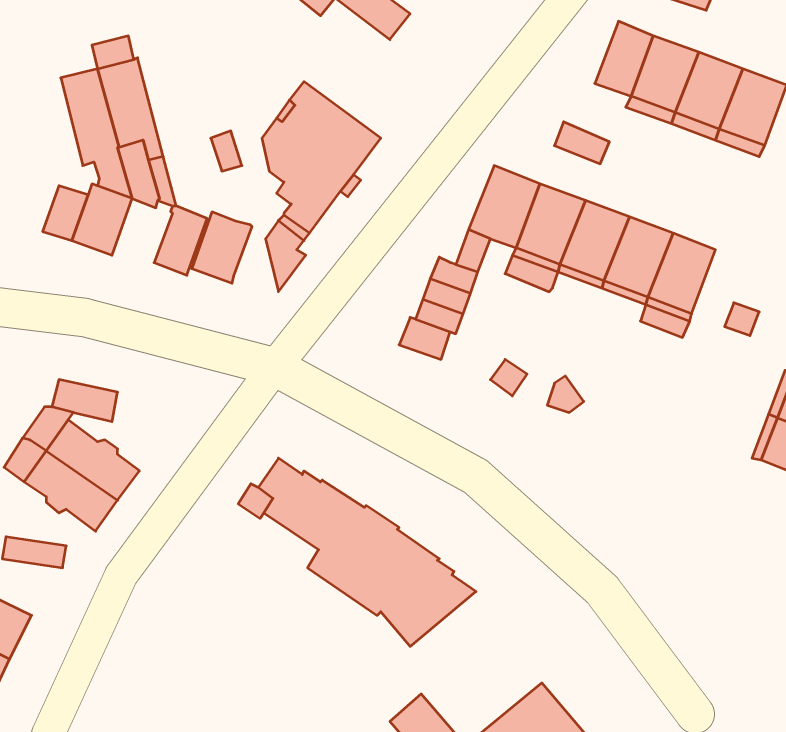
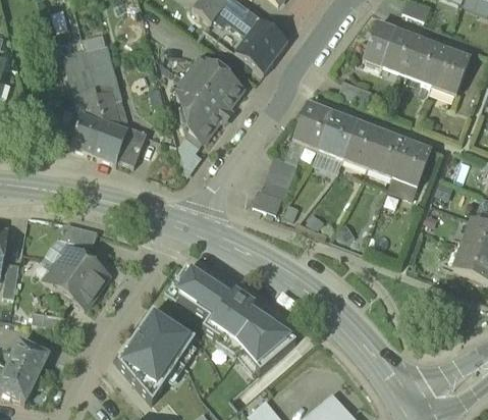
building: none -> [235,18,288,72]
building: [192,212,252,283] -> [94,121,127,161]
building: none -> [117,308,196,402]

